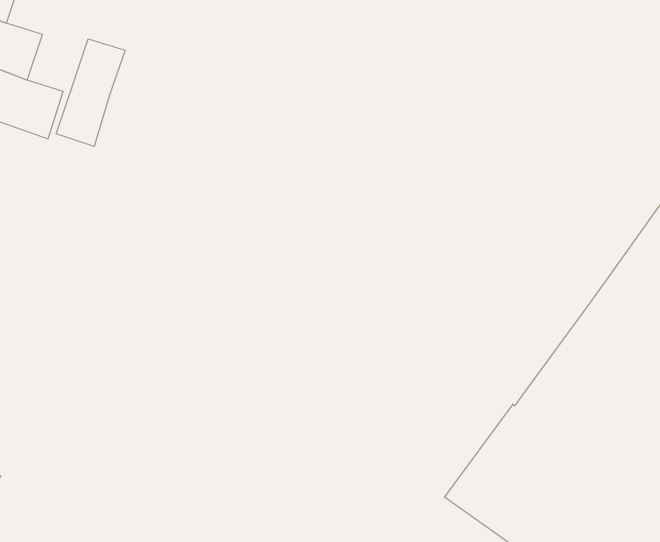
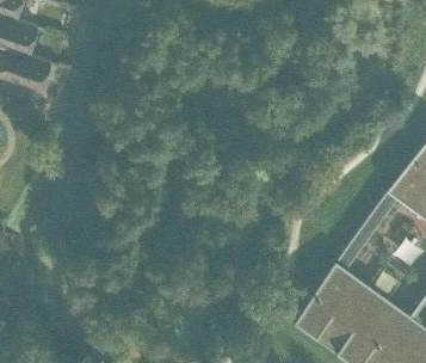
building: [56,39,125,146] -> none

